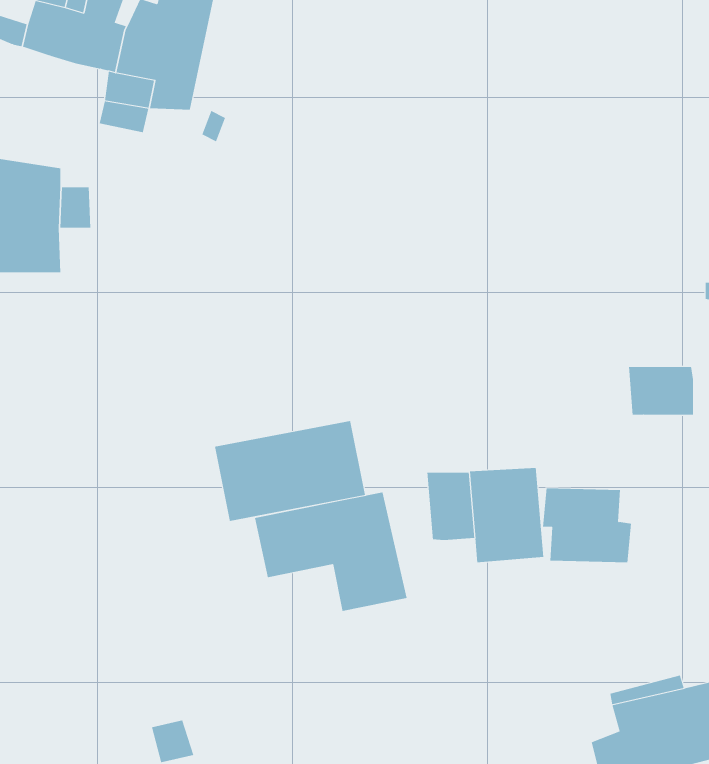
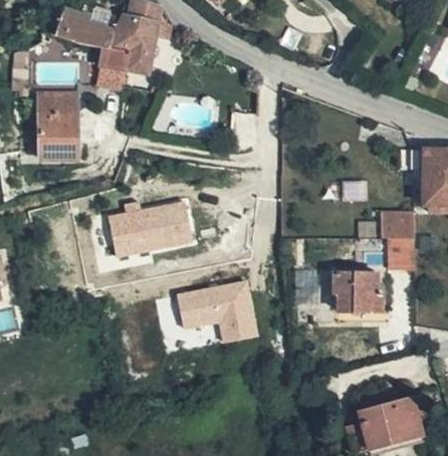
building: none -> [387,239,416,274]
building: [214,420,366,521] -> [109,201,191,255]
building: [427,472,475,541] -> none

